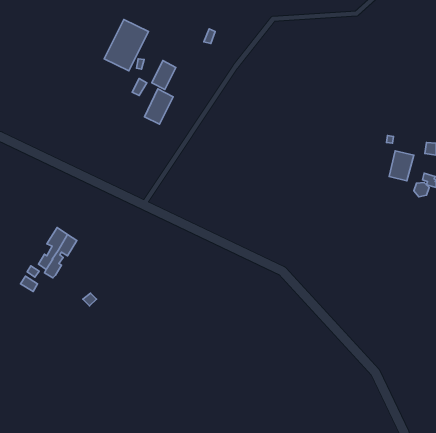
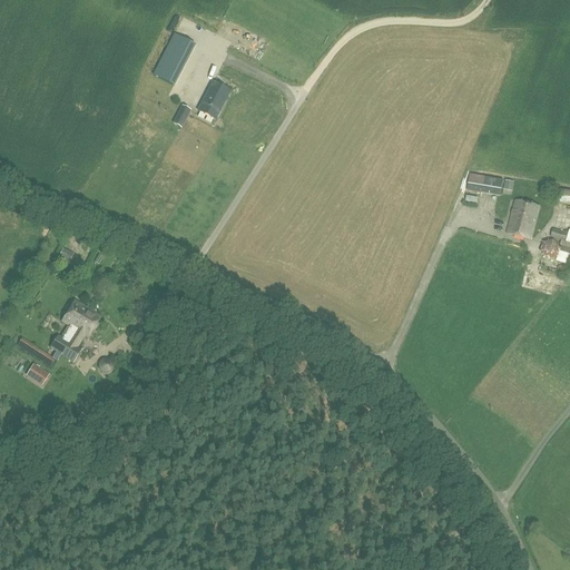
building: [145,89,173,124] -> none
building: none -> [468,170,503,198]

